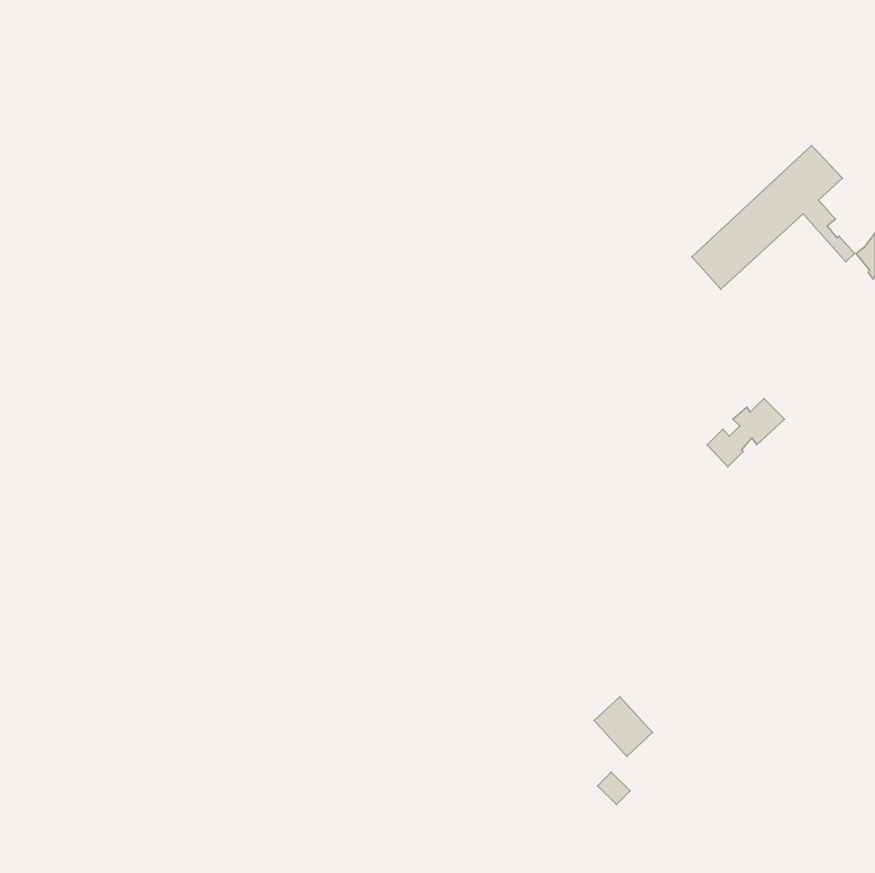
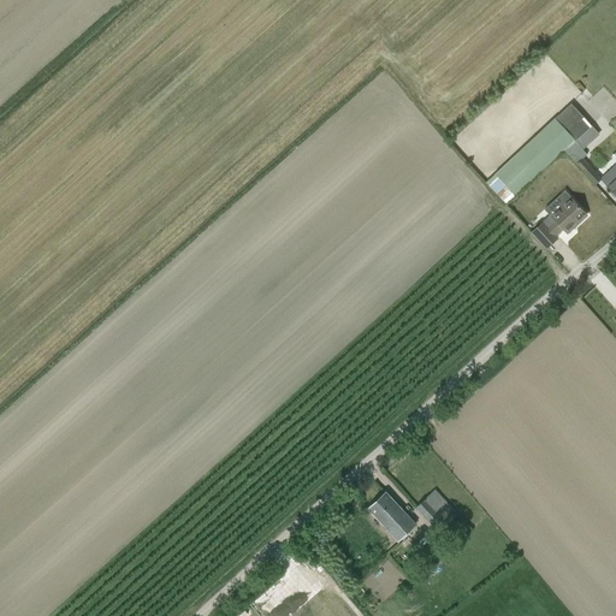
building: [707,398,784,467] -> [531,200,585,248]
building: none -> [368,492,415,540]

